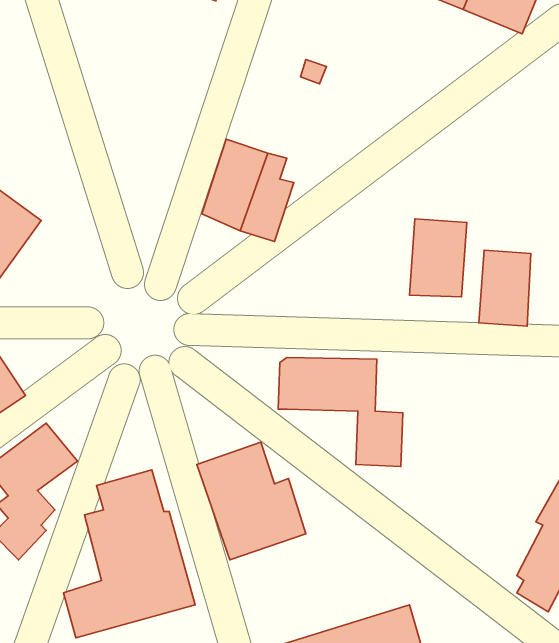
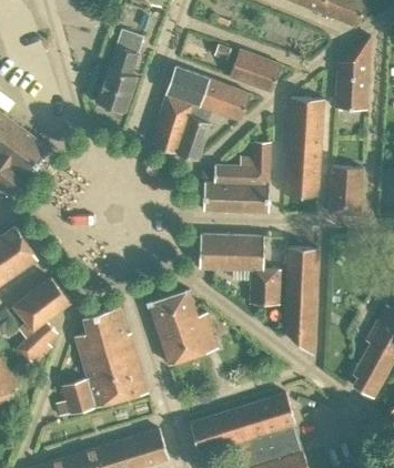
building: none -> [97,29,143,112]
building: none -> [335,37,370,110]
building: none -> [229,50,282,92]
building: none -> [166,67,251,121]
building: none -> [287,98,324,149]
building: none -> [203,142,270,212]
building: none -> [282,248,316,356]

